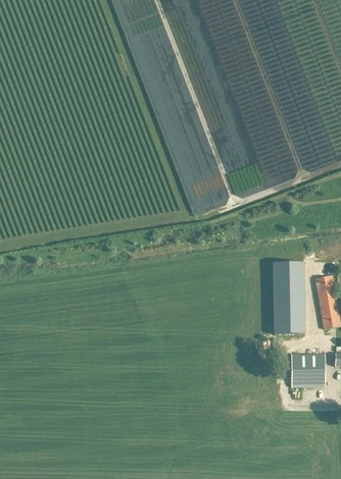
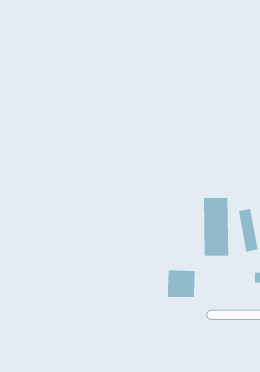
building: [290,353,325,386] -> [167,270,196,298]

